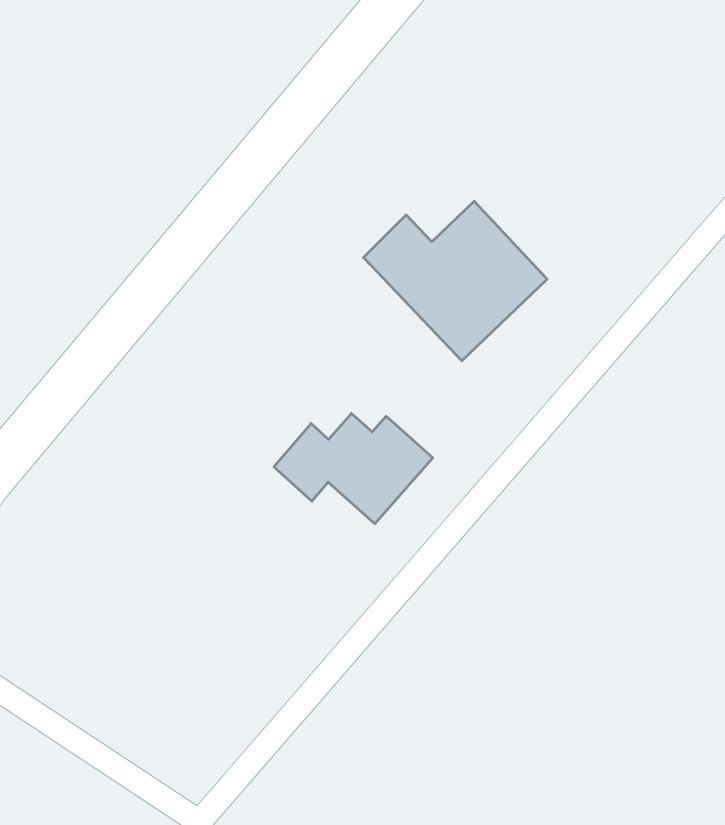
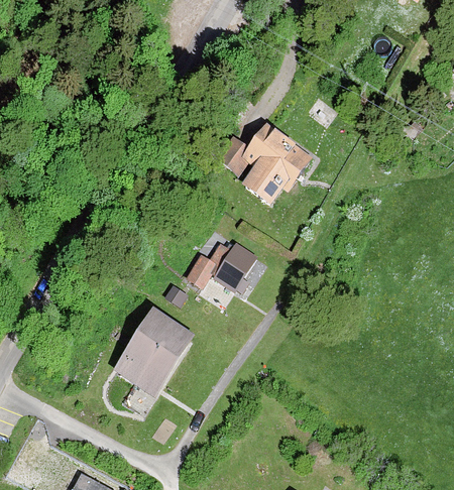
building: none -> [113,308,195,395]

